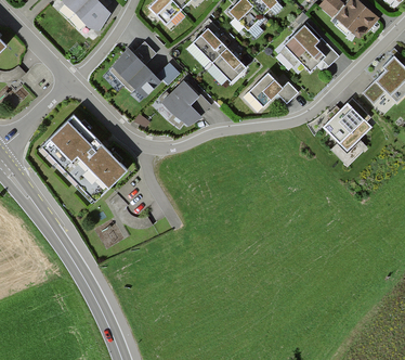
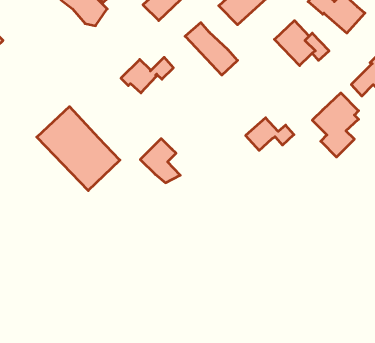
building: [109,42,156,85] -> none
building: [248,73,298,106] -> [246,118,294,150]
building: [160,81,201,127] -> [140,139,180,183]

